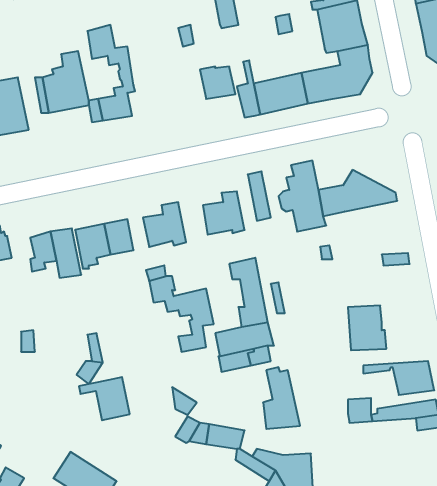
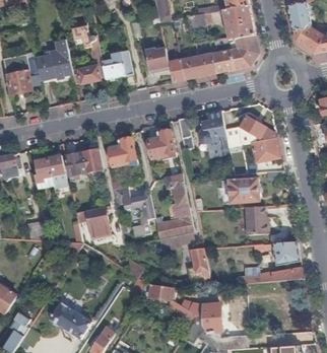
building: none -> [103,50,133,78]
building: none -> [242,136,280,162]
building: none -> [228,178,259,202]
building: [79,377,130,420] -> [76,206,110,234]

